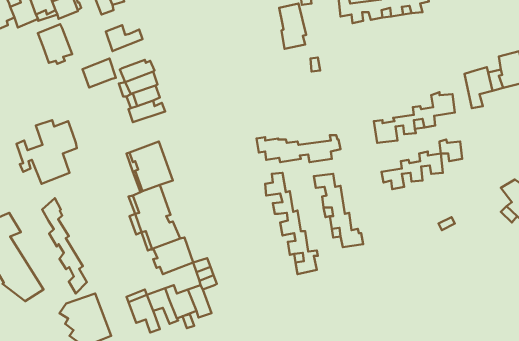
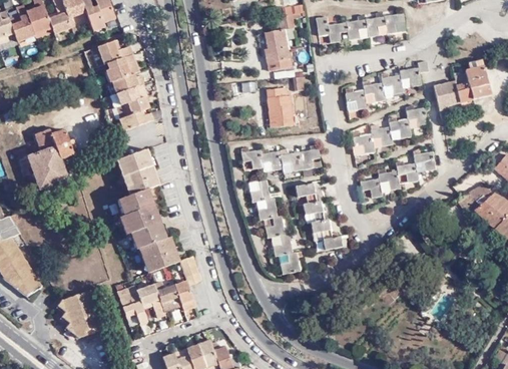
building: [38,24,72,64] -> none
building: none -> [344,62,426,106]
building: [83,58,116,88] -> [109,55,140,82]
building: none -> [264,86,290,125]
building: [42,198,87,294] -> none

